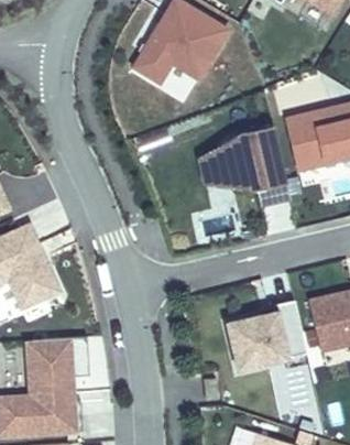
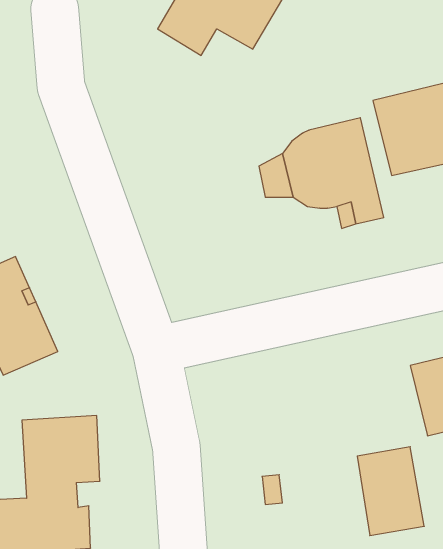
building: [218,300,306,373] -> none

